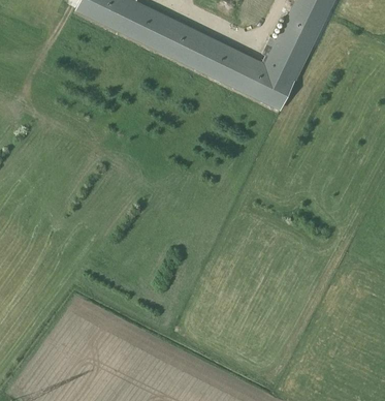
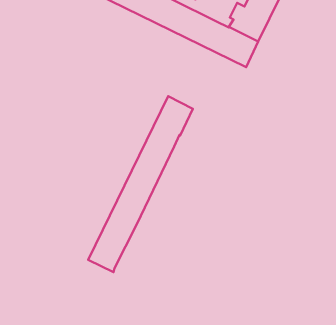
building: none -> [88,96,193,272]

